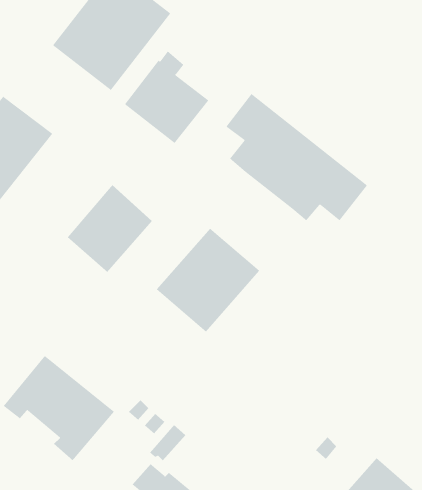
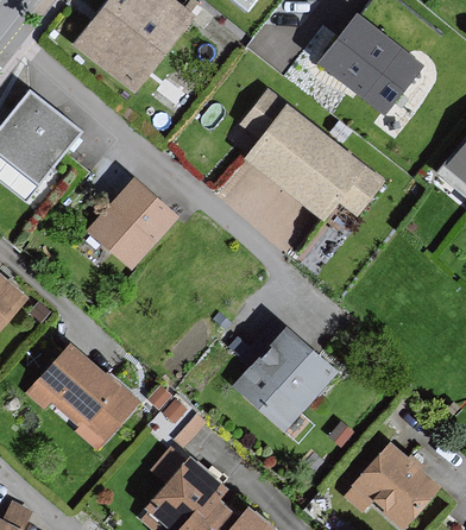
building: none -> [321,14,420,109]
building: [124,51,209,144] -> none
building: [156,228,260,332] -> [234,328,335,429]

